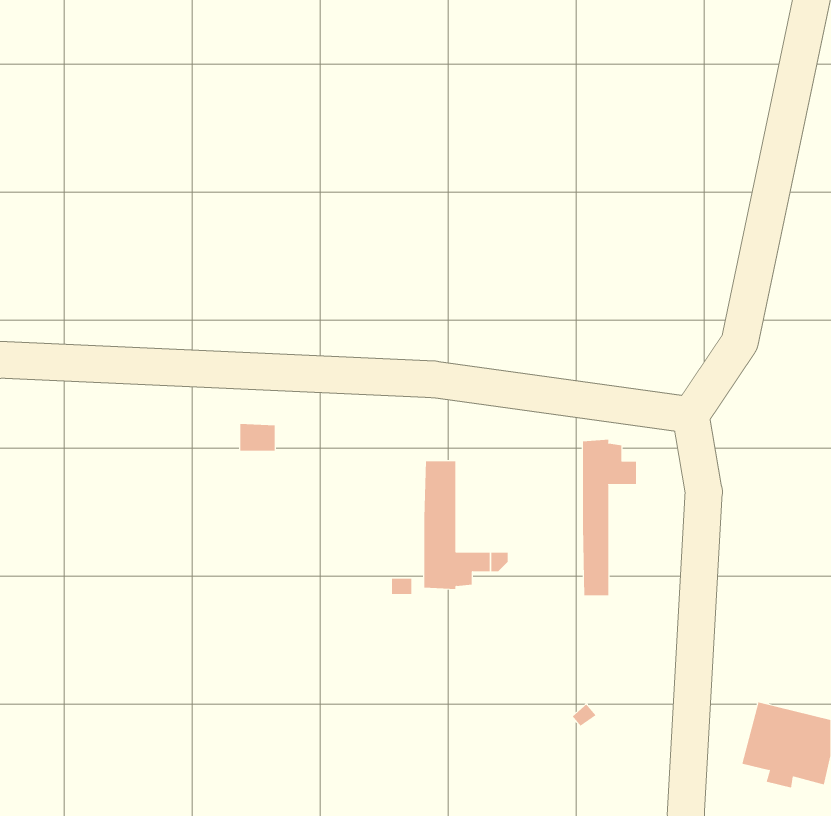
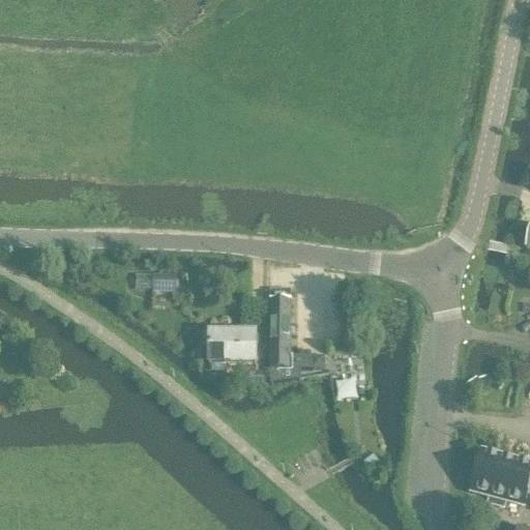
building: [582,439,636,596] -> none
building: none -> [209,328,256,359]

